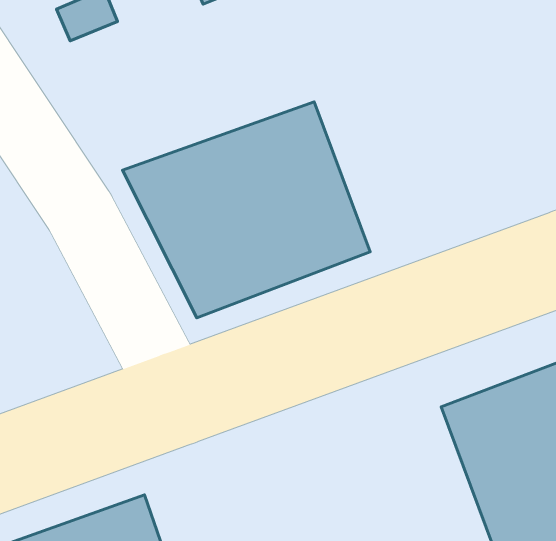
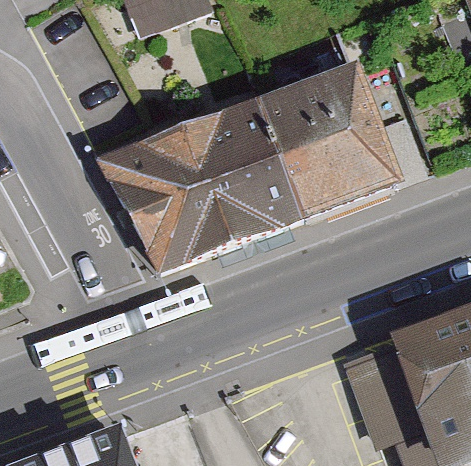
building: none -> [258,62,427,222]

